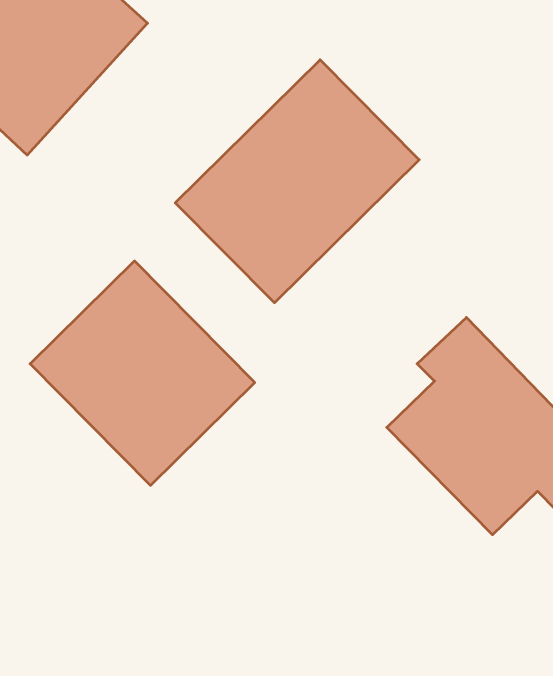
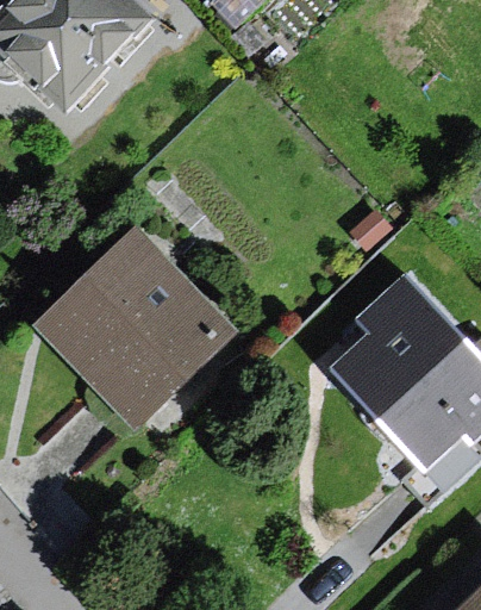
building: [175,60,419,303] -> none

